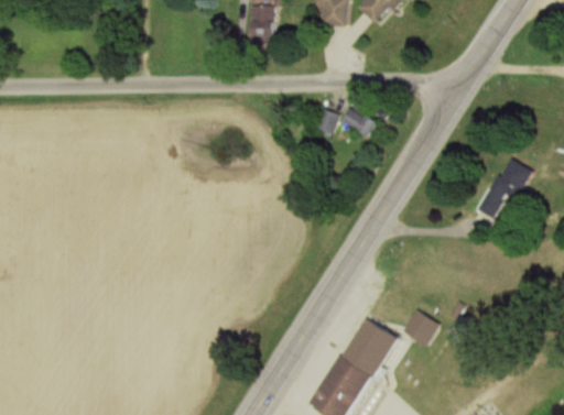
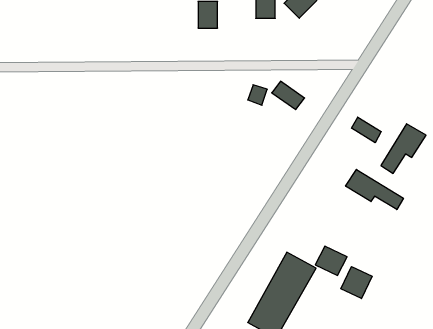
building: none -> [352,117,381,143]
building: none -> [346,169,403,210]
building: none -> [341,267,372,299]

